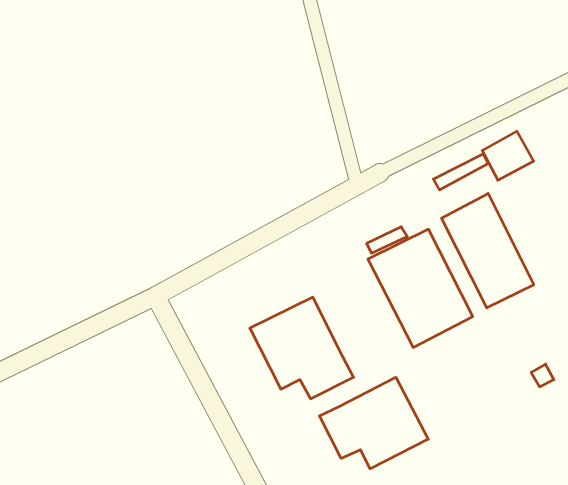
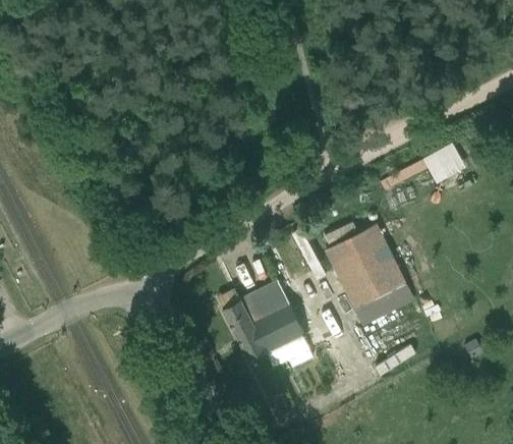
building: [442,193,534,308] -> none
building: [319,377,428,469] -> none

